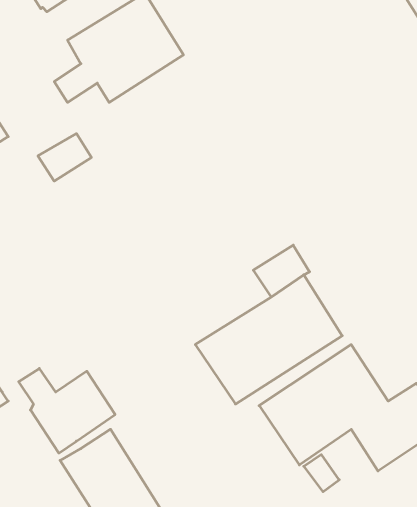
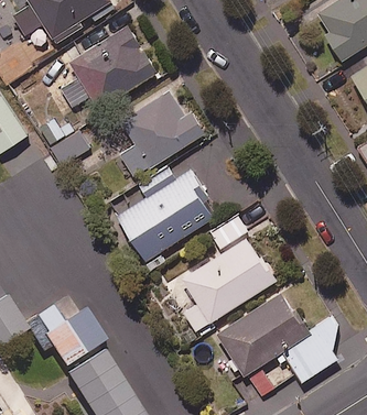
building: none -> [120,88,206,177]
building: none -> [117,166,215,258]

